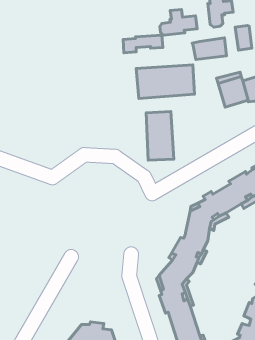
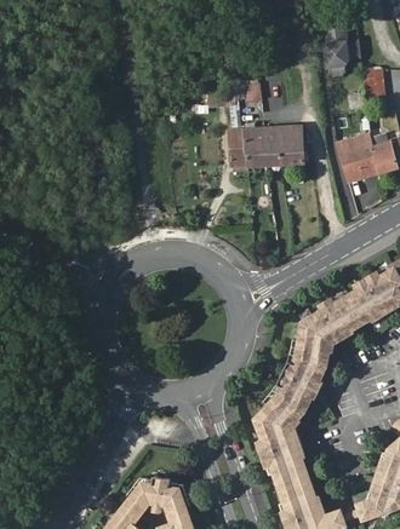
building: [160,9,197,35] -> none
building: [192,38,226,60] -> none
building: [146,111,174,160] -> none

